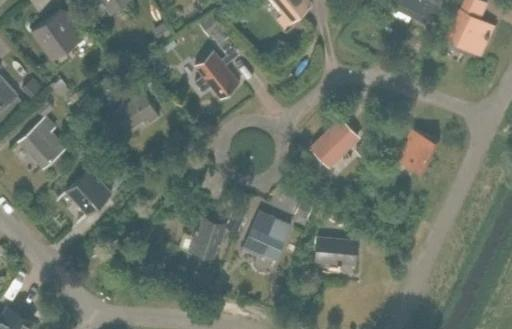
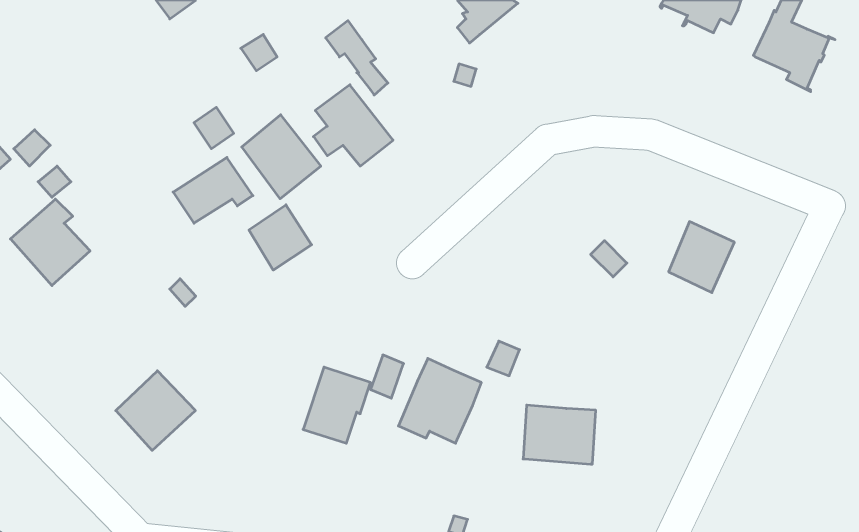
building: [29,9,97,62] -> none
building: none -> [242,115,321,199]
building: [311,120,357,166] -> none
building: none -> [249,205,312,270]
building: [65,170,111,216] -> [116,371,195,450]

